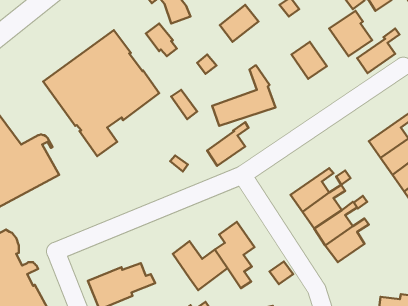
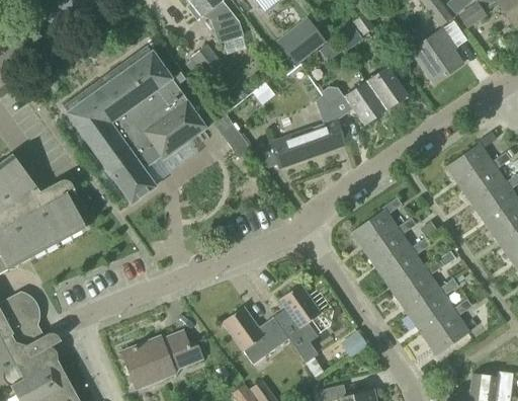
building: [357,29,399,73] -> [446,132,497,185]
building: none -> [320,81,385,127]
building: [207,122,248,166] -> [352,197,402,250]
building: none -> [421,299,472,354]

